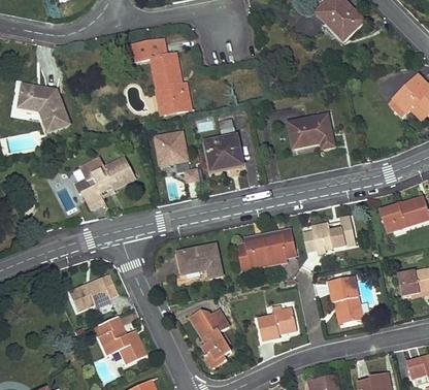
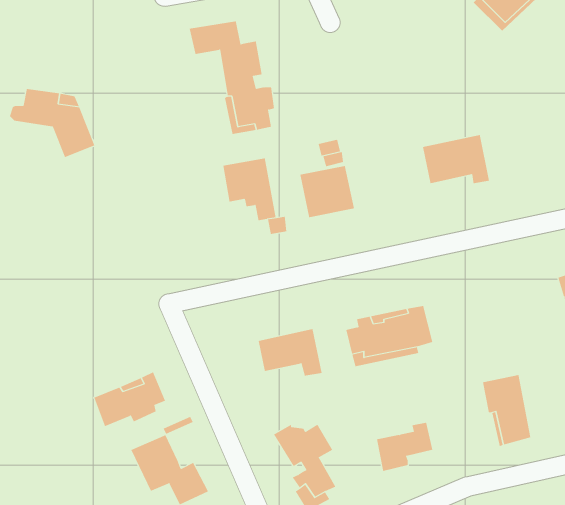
building: [79,156,135,208] -> none
building: [310,216,355,253] -> none

